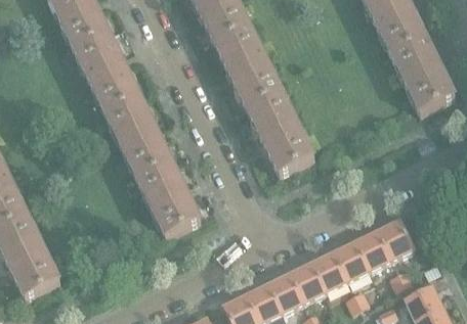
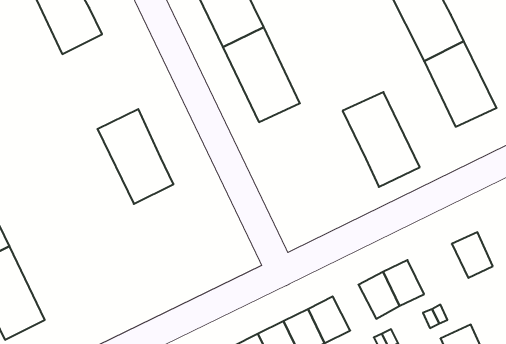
building: [75,34,141,117] -> none
building: [247,94,314,177] -> [343,92,420,187]
building: [137,165,200,239] -> none
building: [377,221,413,261] -> [452,232,493,278]
building: [311,252,349,292] -> none

